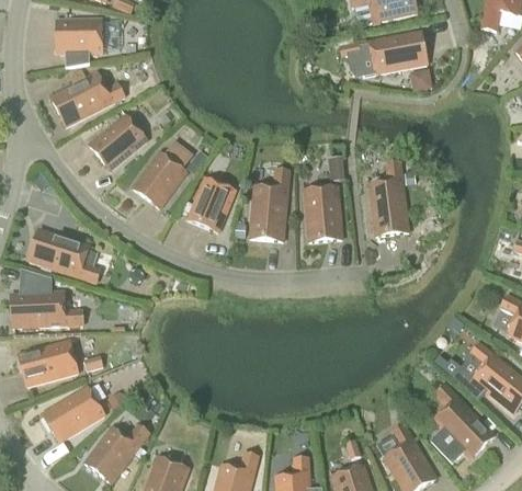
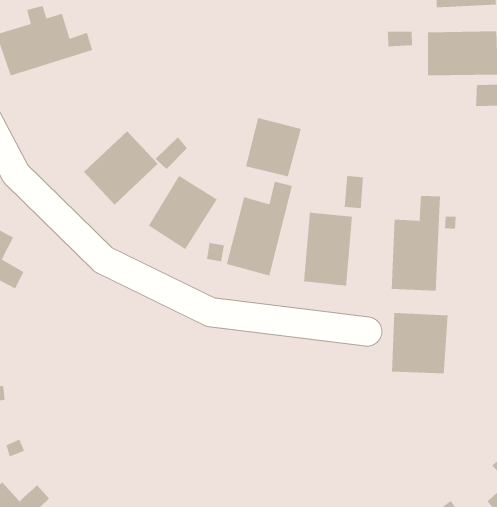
building: [89,122,137,169] -> none
building: none -> [245,117,302,177]
building: none -> [391,312,448,374]

